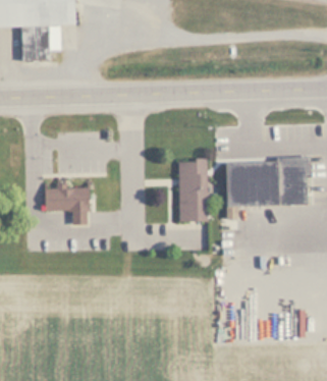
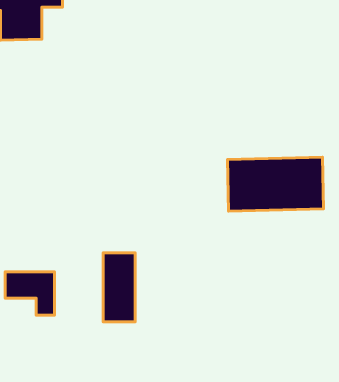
building: [179,158,208,219] -> [103,253,135,322]
building: [45,185,89,224] -> [5,272,54,315]

